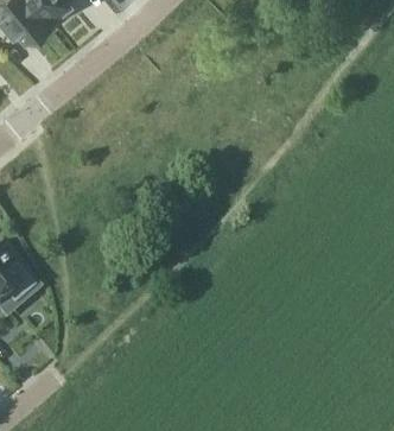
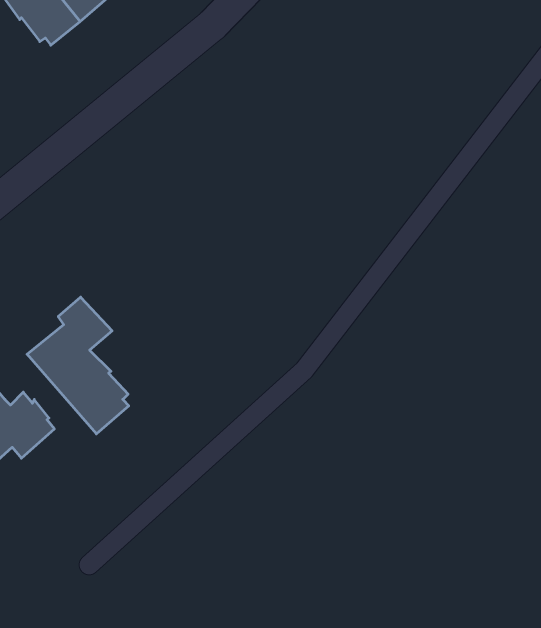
building: none -> [27,297,129,434]

